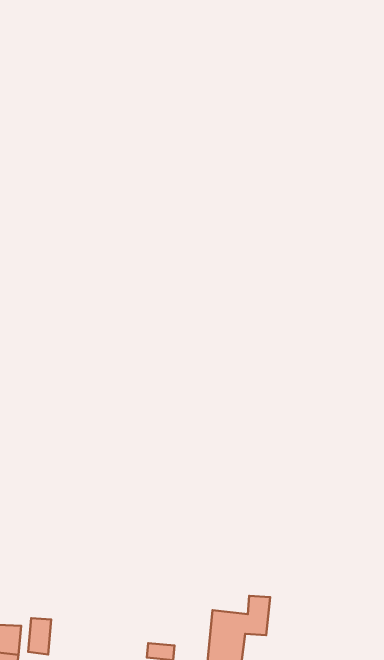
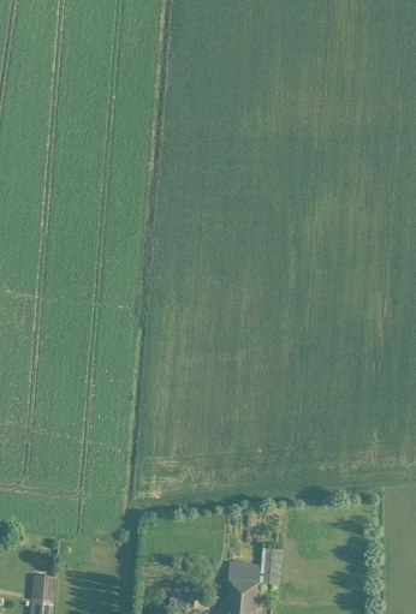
building: [28,618,51,655] -> none

